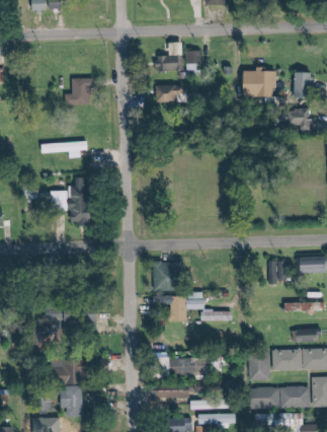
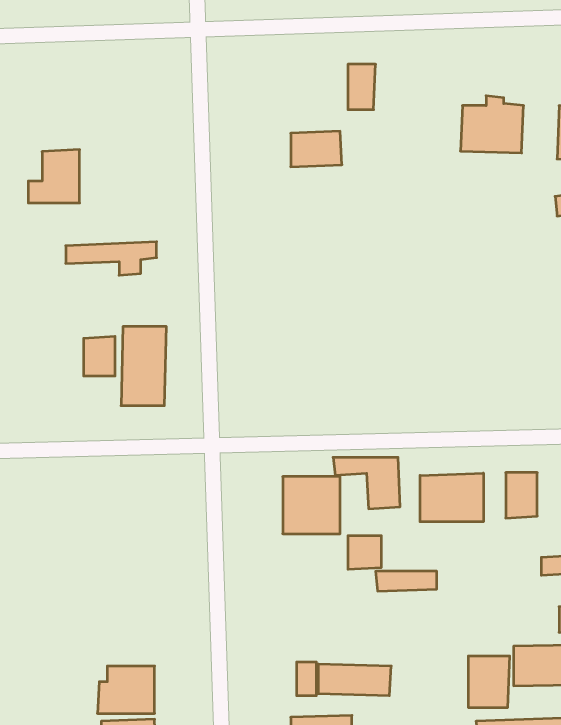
building: [155,55,182,71] -> none
building: [64,77,90,104] -> [28,150,80,203]
building: none -> [420,473,483,522]
building: [151,295,185,321] -> [333,457,400,509]
building: [40,311,95,343] -> none

